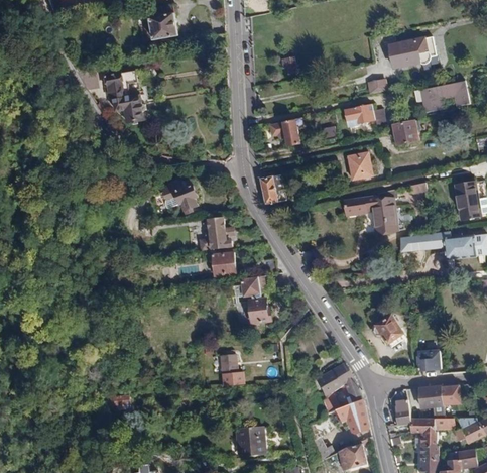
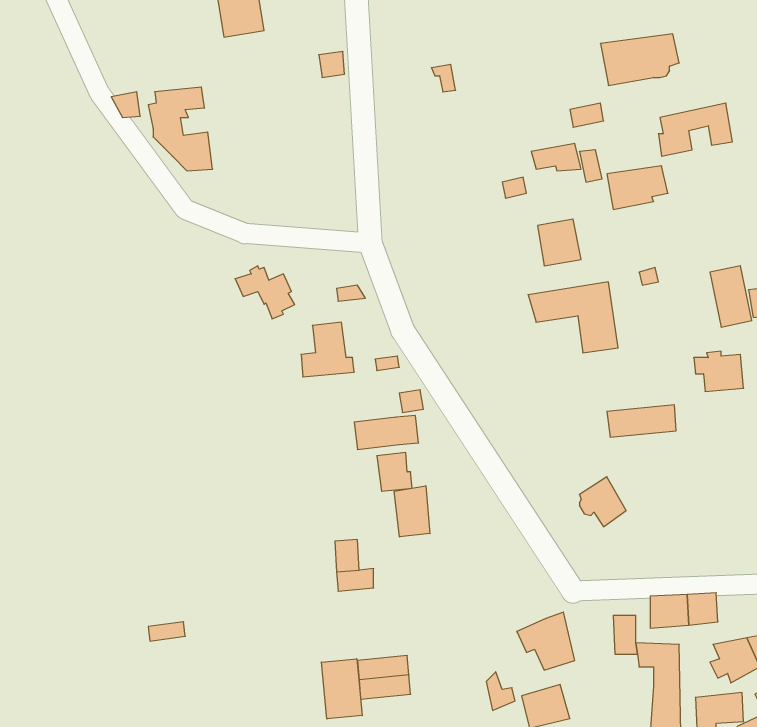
building: [270,120,299,145] -> none
building: [260,175,279,204] -> none
building: [399,233,443,253] -> [607,405,676,437]
building: [197,252,234,275] -> none
building: none -> [394,486,430,537]
building: [417,350,443,370] -> none
building: [317,364,364,402] -> none
building: none -> [321,659,362,719]

